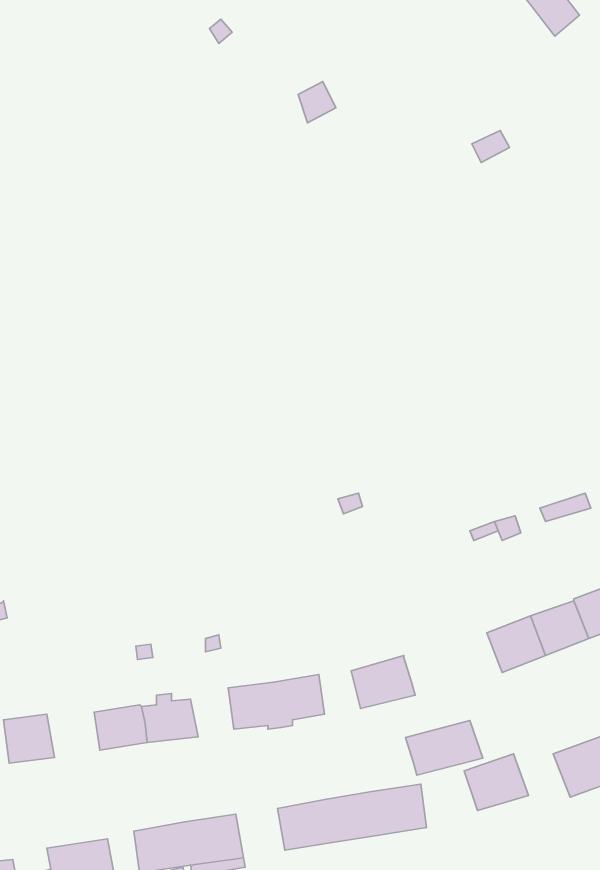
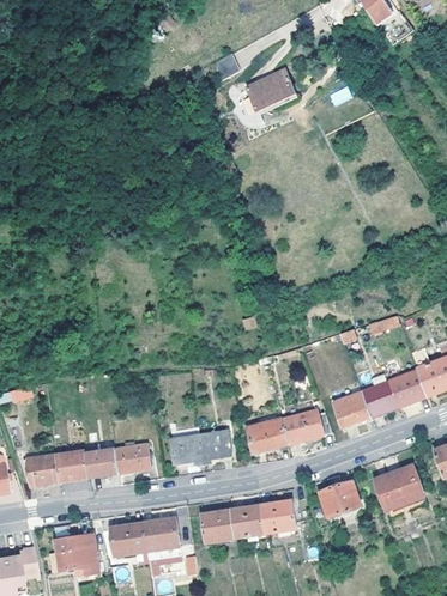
building: none -> [246,68,296,110]
building: none -> [55,451,89,482]
building: [405,720,483,775] -> [282,408,331,443]

